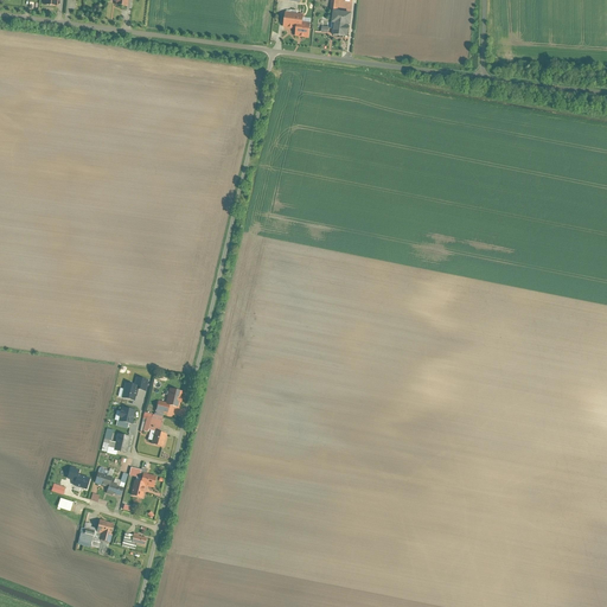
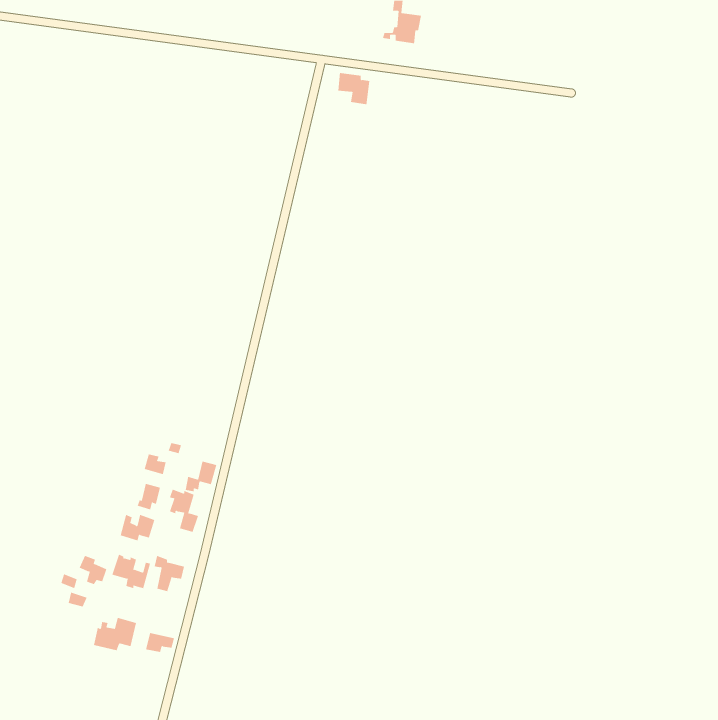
building: [283,12,311,39] -> [338,73,370,105]

